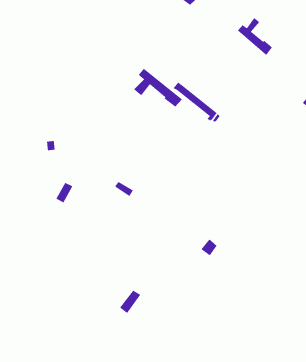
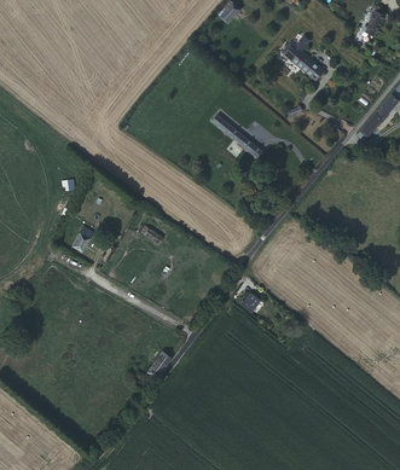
building: [133,68,183,108] -> none

